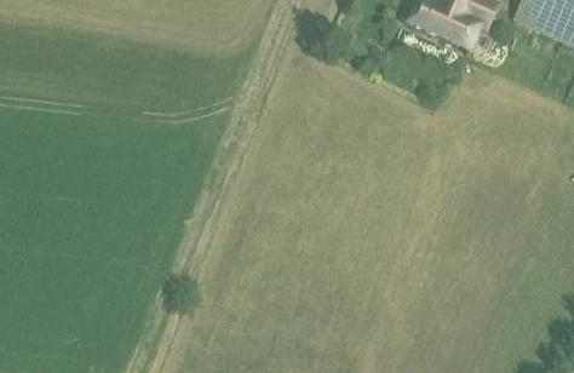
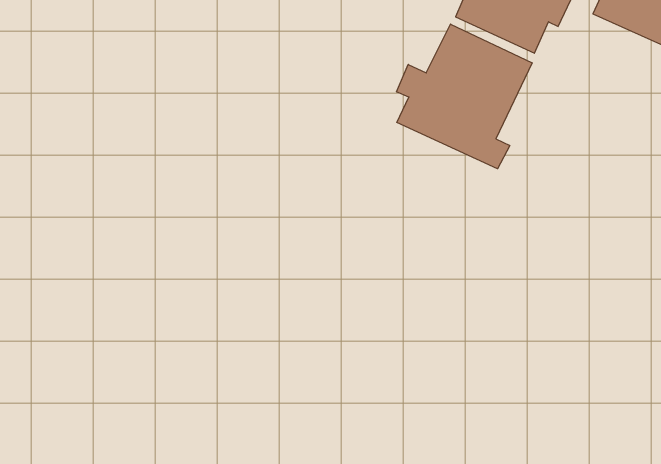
building: none -> [396,24,532,169]

